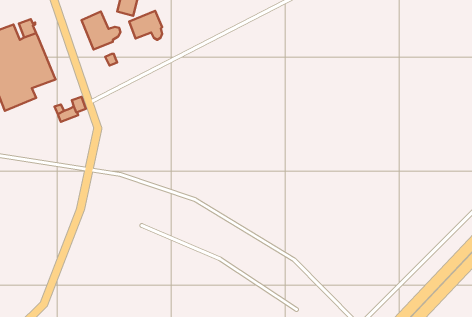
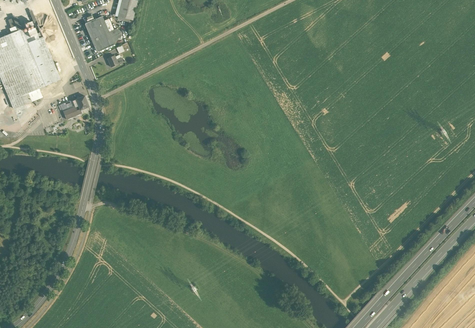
building: [129,11,162,40] -> none

